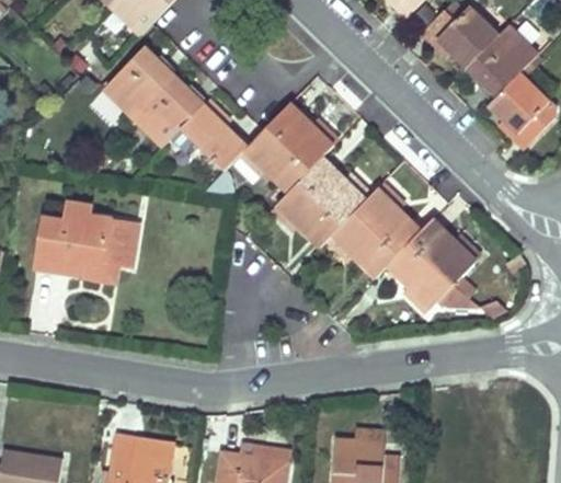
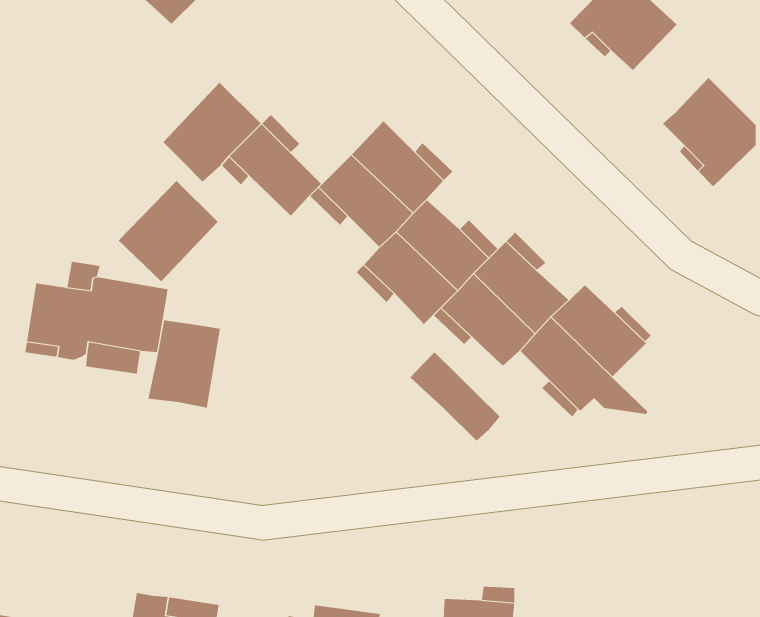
building: [467,24,538,96] -> none
building: [103,45,174,117] -> [118,180,218,282]
building: none -> [148,319,220,408]
building: none -> [410,351,500,441]

